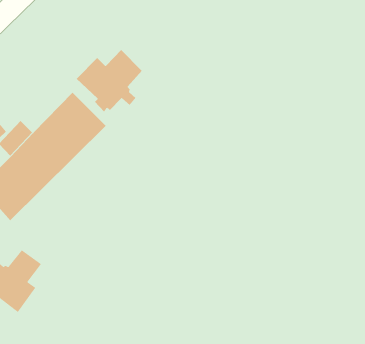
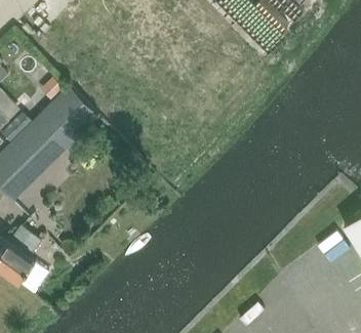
building: [76,49,143,113] -> none

